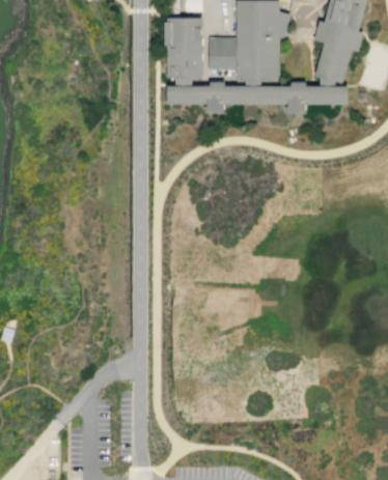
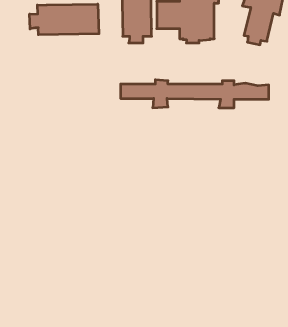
building: none -> [30,4,99,35]
building: [167,82,349,116] -> [121,80,269,108]

